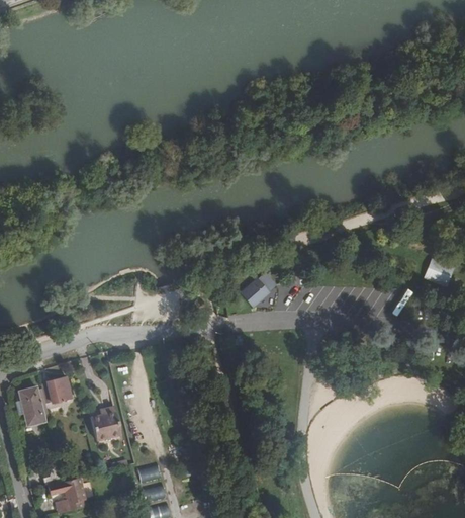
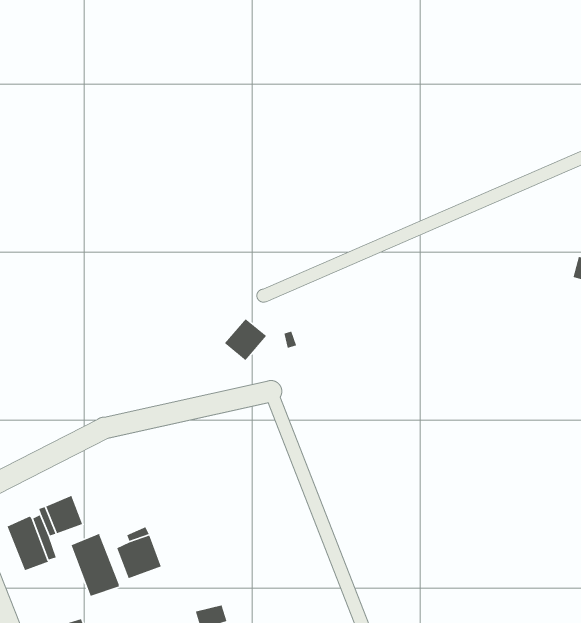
building: [240,276,270,306] -> [224,318,267,361]
building: none -> [71,533,120,597]

